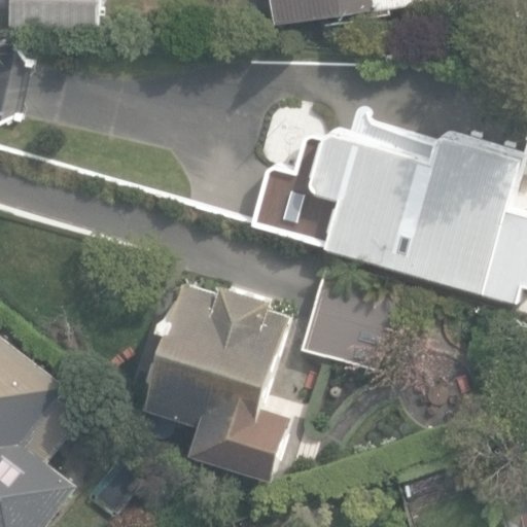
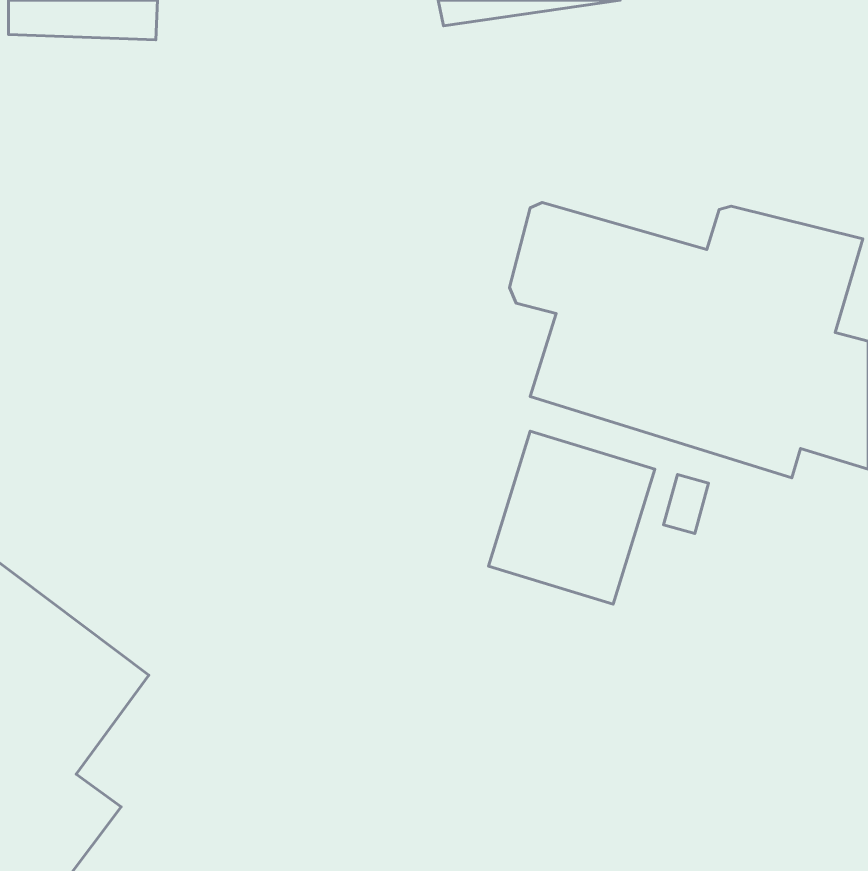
building: [144,283,289,484] -> none

